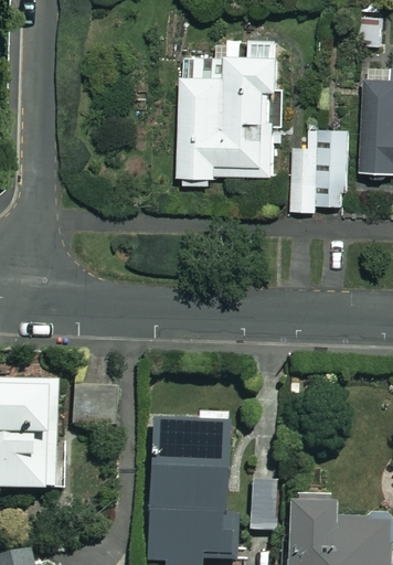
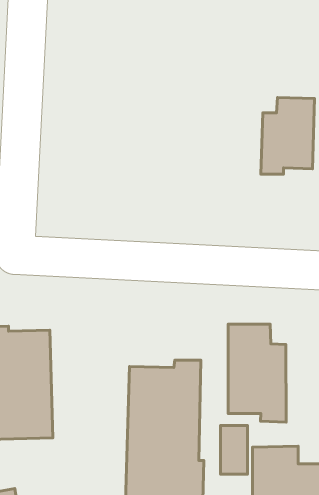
building: [177,40,280,188] -> none
building: none -> [228,324,286,422]

